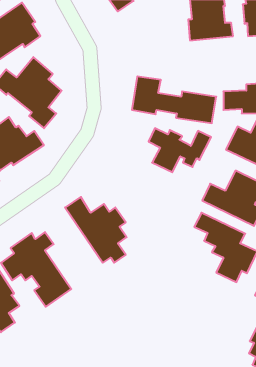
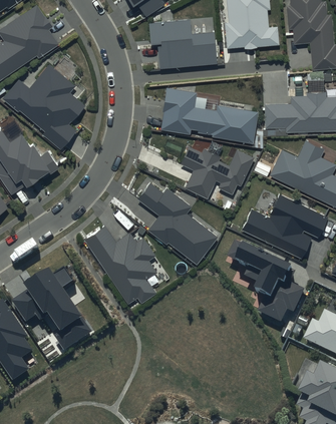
building: none -> [147,20,217,67]
building: none -> [139,185,217,264]

